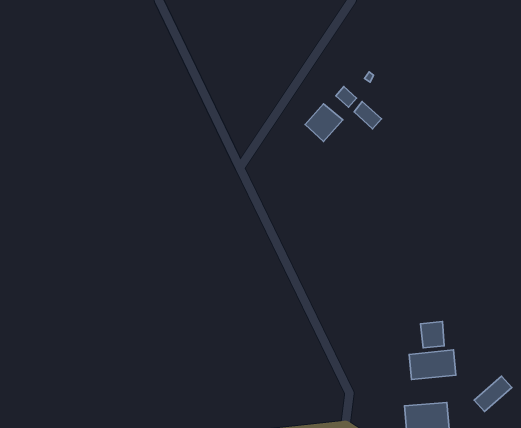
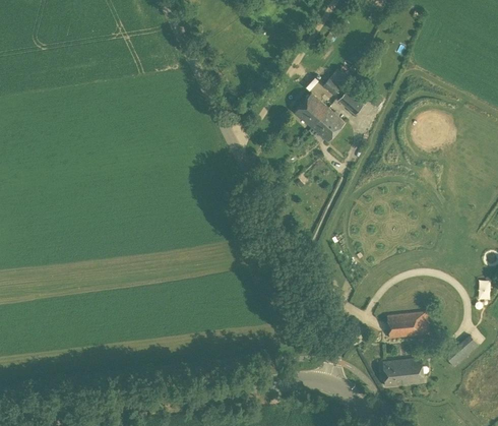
building: none -> [310,107,344,140]
building: [420,321,444,348] -> none

